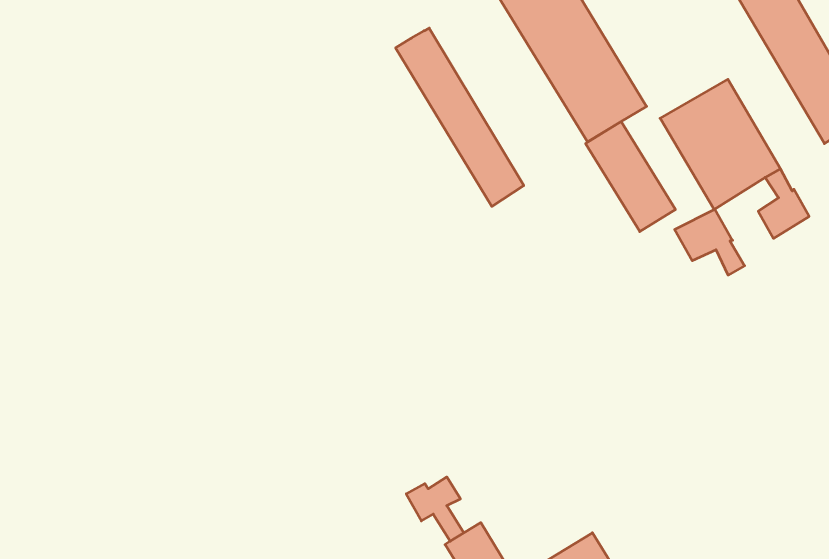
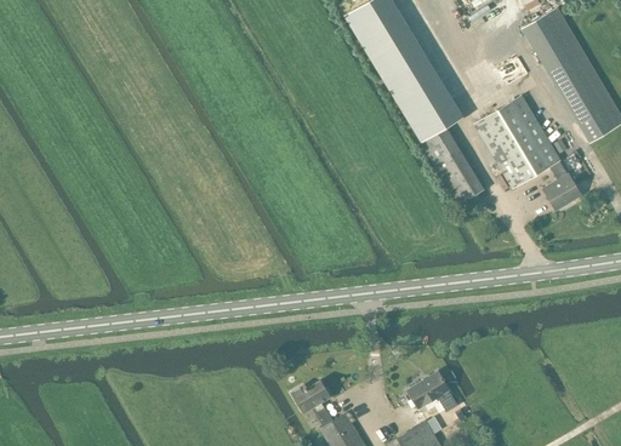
building: [396,28,524,206] -> none
building: [675,209,745,275] -> none
building: none -> [408,372,458,412]

